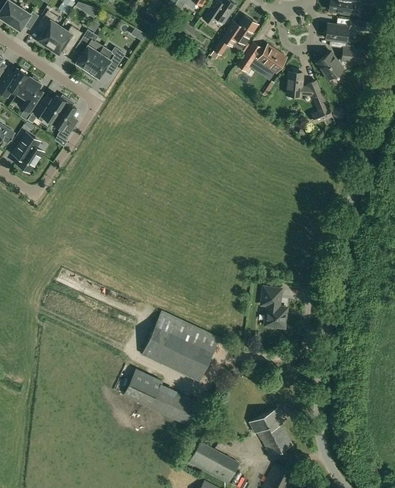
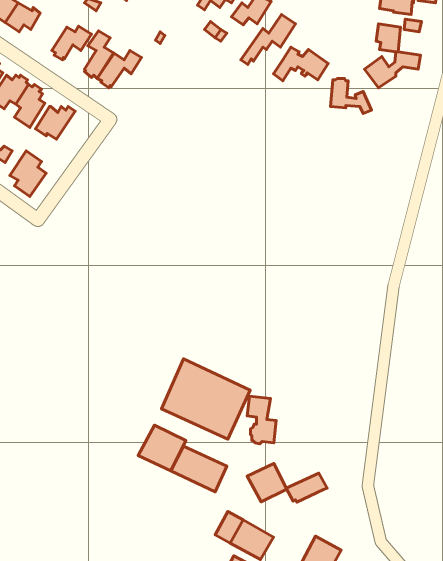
building: [37,10,61,47] -> none
building: [52,99,76,140] -> none
building: [261,287,286,328] -> [247,396,276,444]
building: [258,423,292,456] -> [247,463,287,502]

